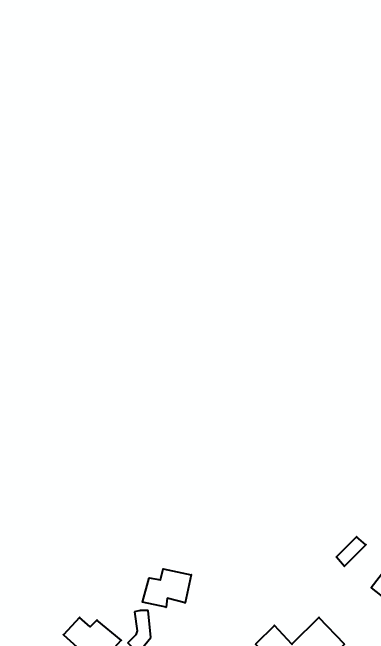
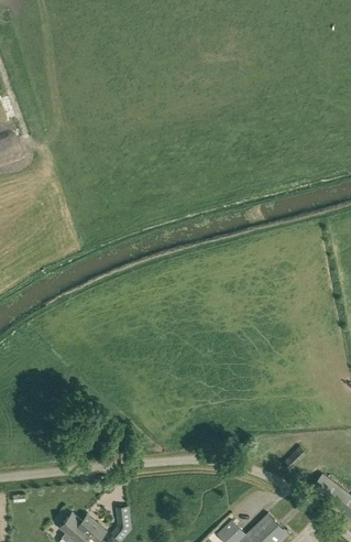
building: [142,569,191,607] -> none

